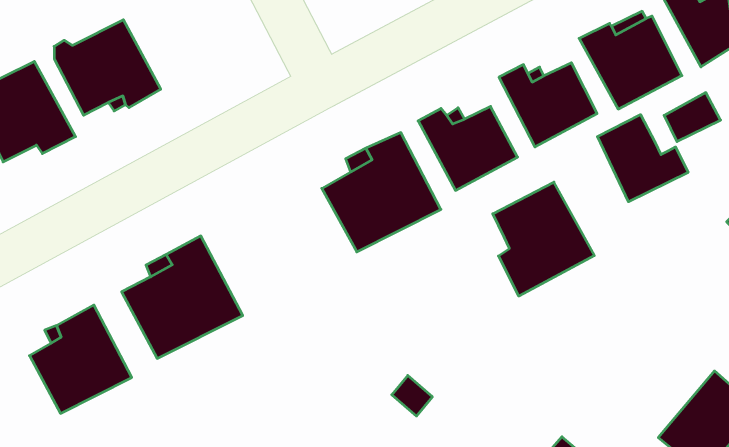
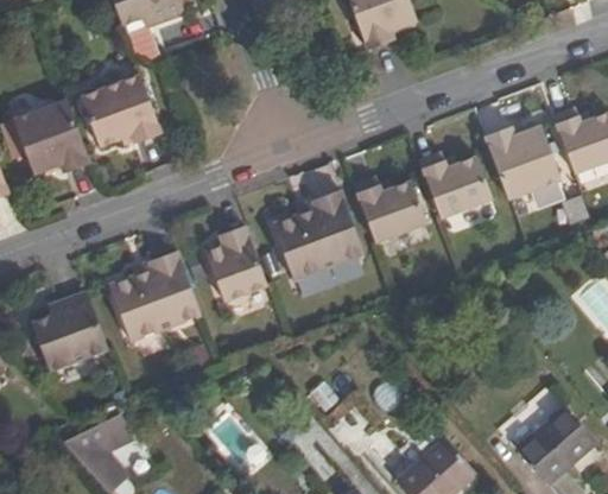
building: [597,115,688,202] -> none
building: [493,182,594,296] -> none
building: none -> [204,227,267,305]

